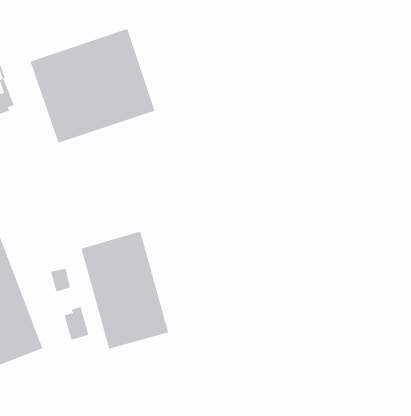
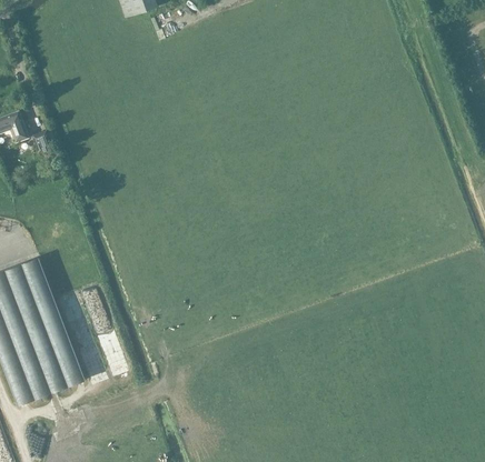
building: [30,28,155,143] -> none
building: [81,231,169,349] -> none

